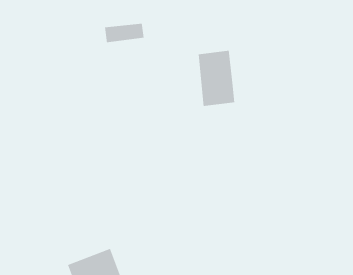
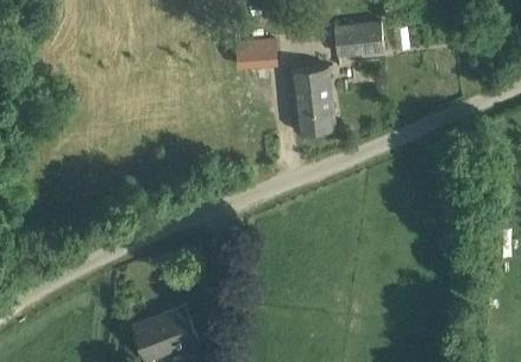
building: none -> [332,21,384,57]
building: [104,23,145,43] -> [234,42,283,65]

